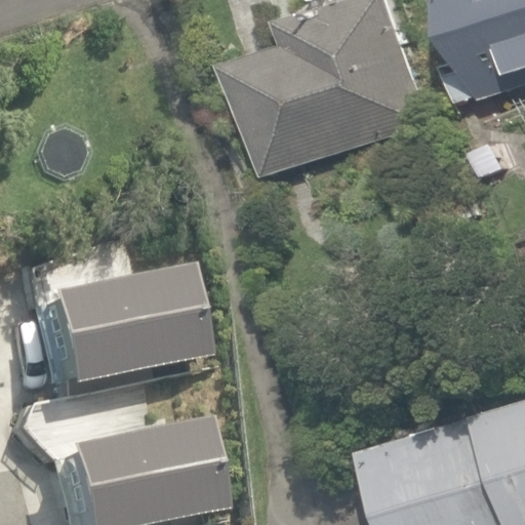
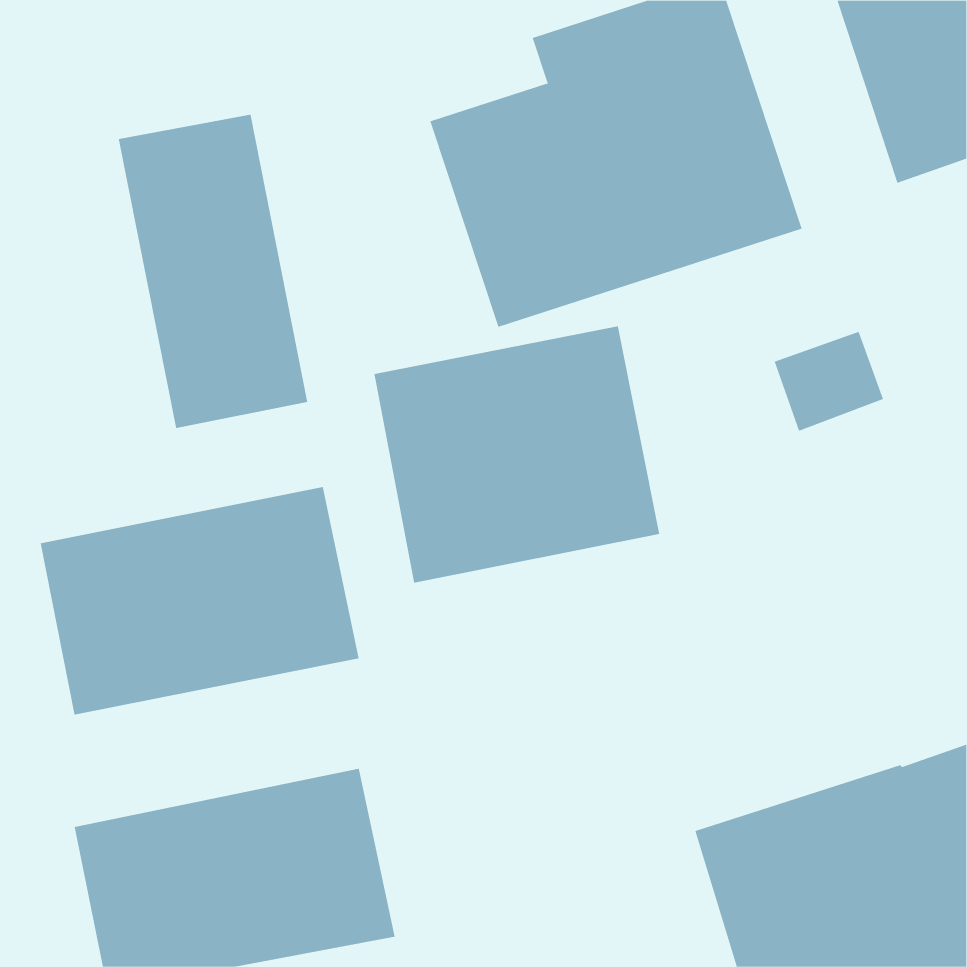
building: none -> [118,114,308,429]
building: none -> [374,325,660,583]

